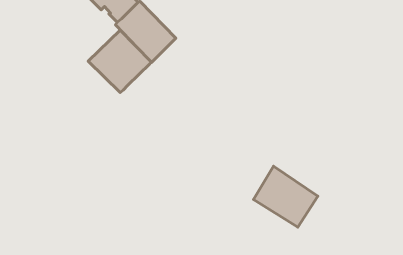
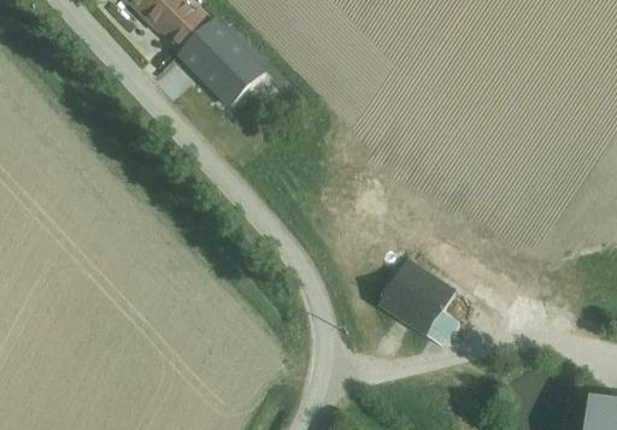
building: [88,30,151,93] -> none

